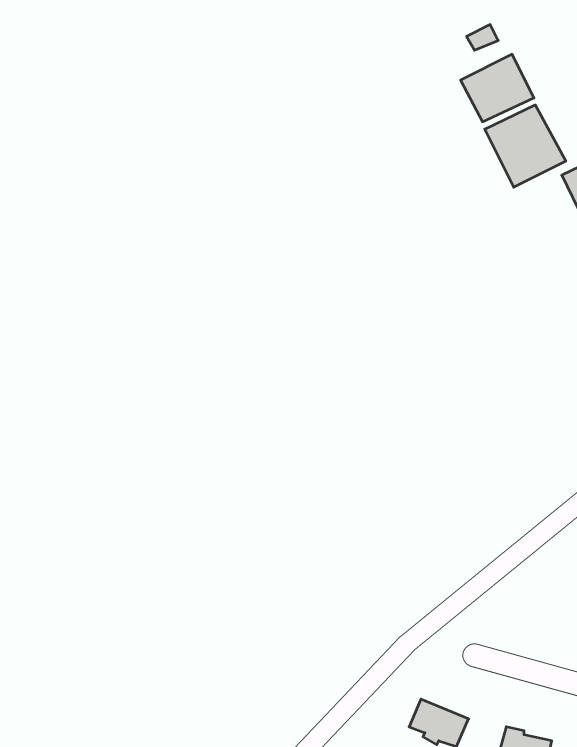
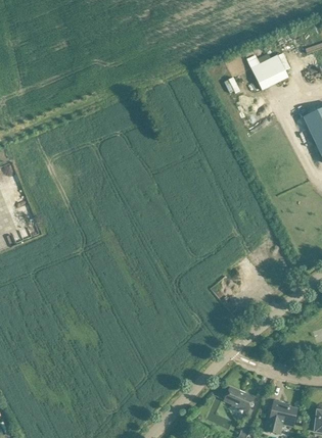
building: [485,105,566,187] -> none

